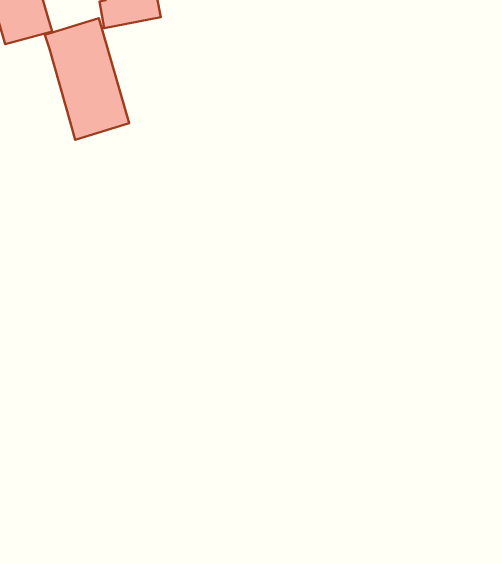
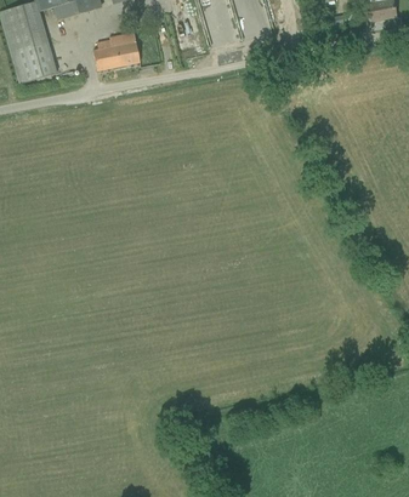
building: [45,18,129,140] -> none

